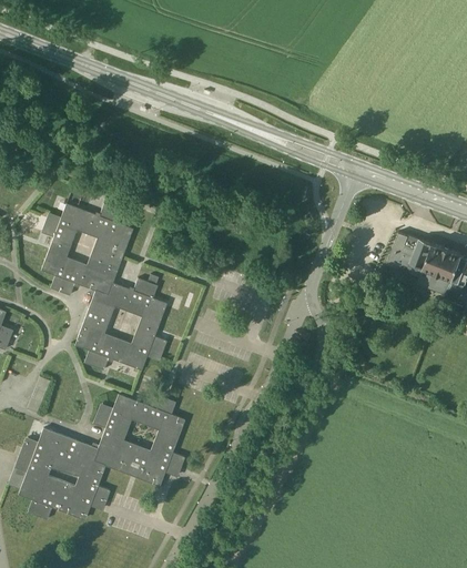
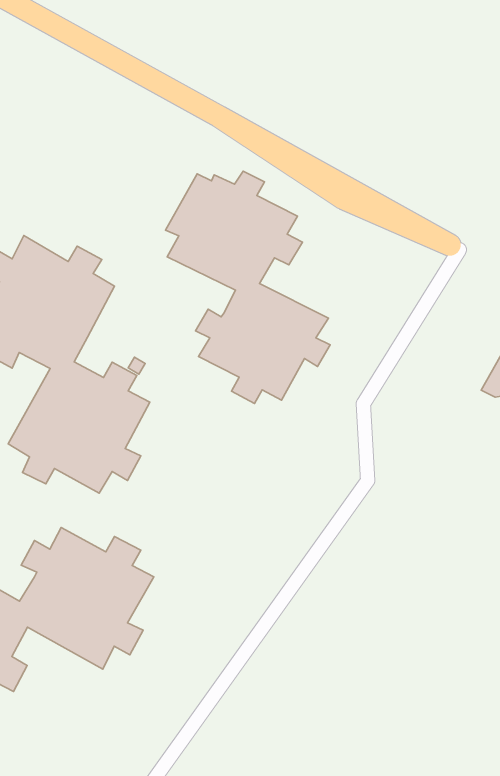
building: none -> [166,171,330,404]

